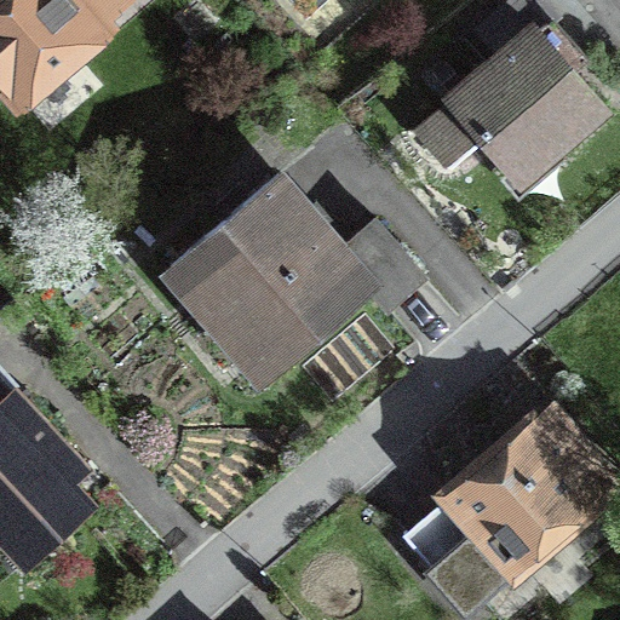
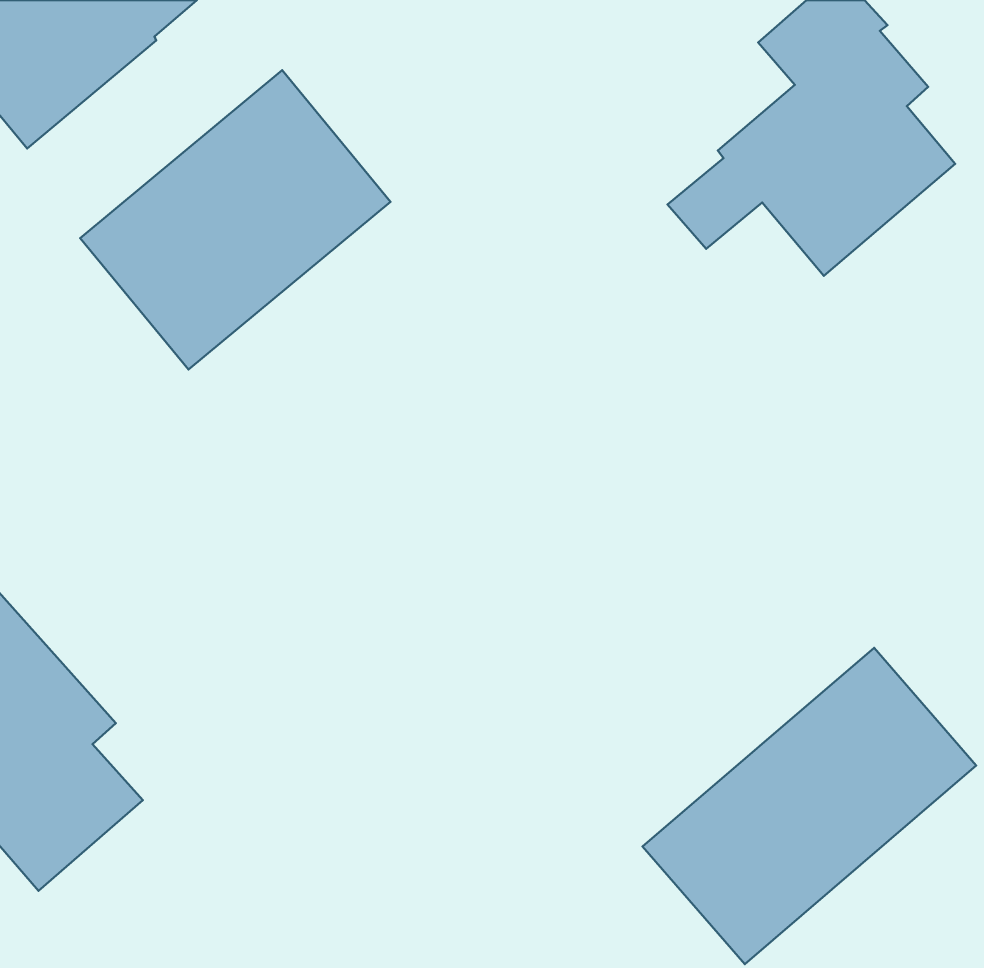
building: none -> [80,70,391,370]
building: [171,182,420,374] -> none

